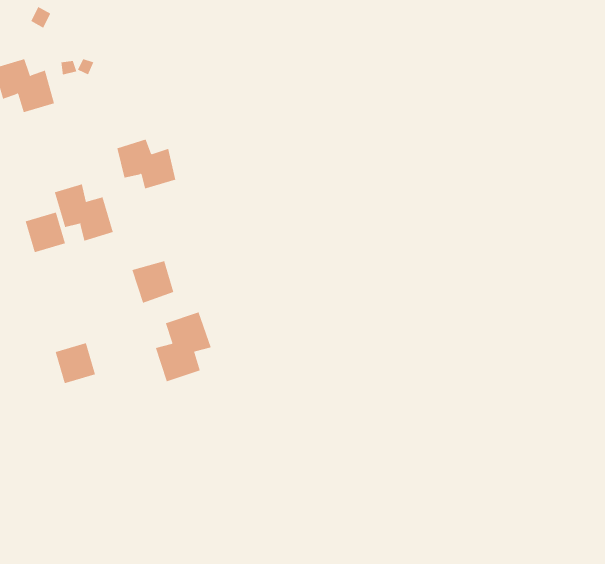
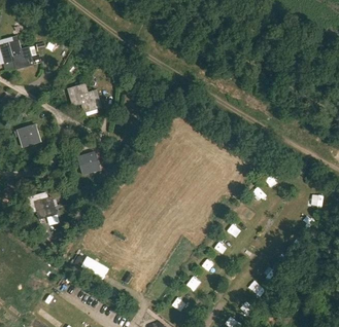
building: [54,184,113,242] -> none
building: [155,311,212,382] -> none

